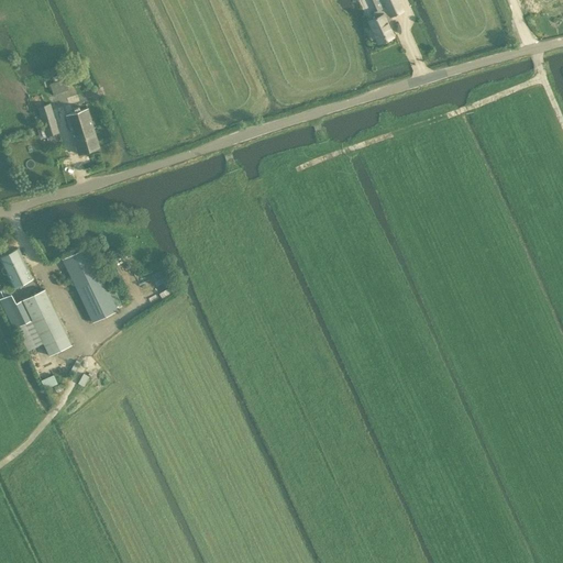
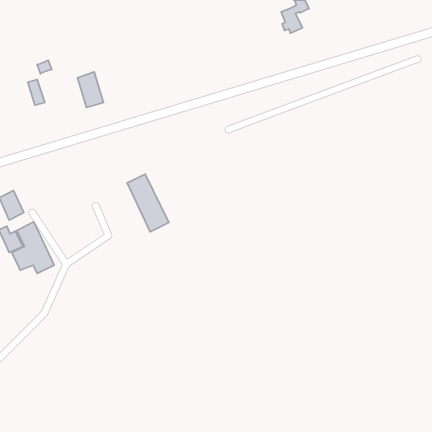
building: [65,109,99,155] -> [77,72,104,108]
building: [63,249,117,323] -> [127,174,169,232]

